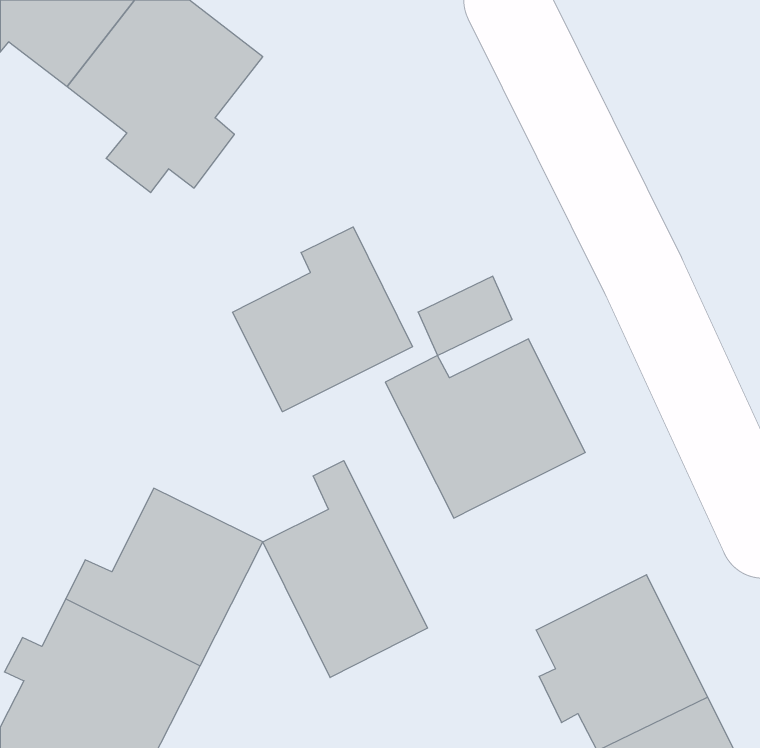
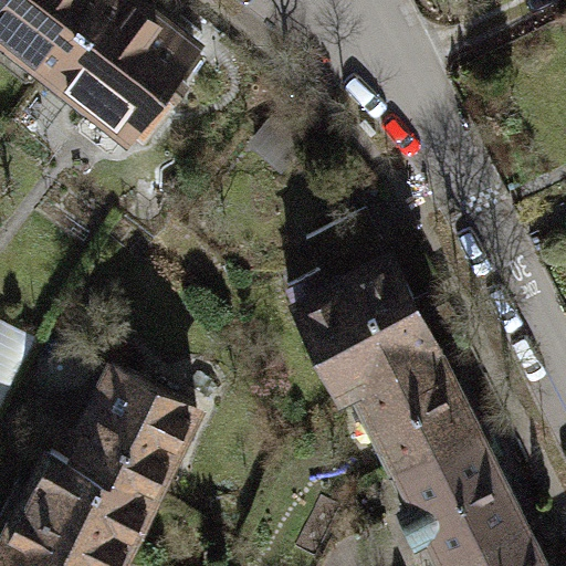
building: [233,227,412,412] -> none
building: none -> [354,346,481,478]
building: [263,461,427,678] -> none

